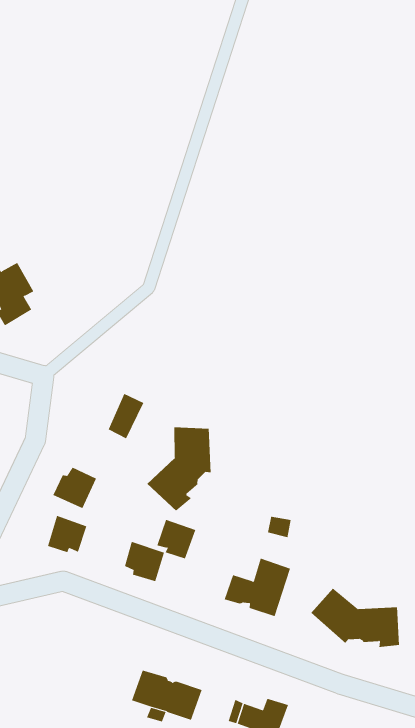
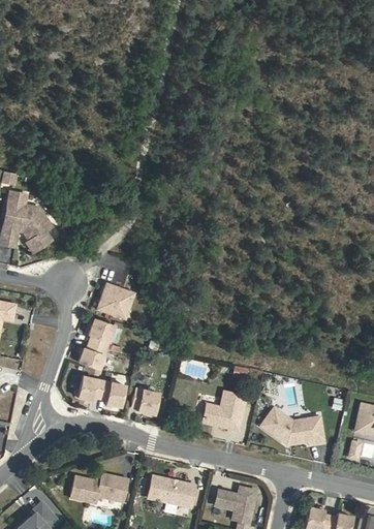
building: none -> [97,284,120,314]
building: [146,426,211,511] -> none
building: none -> [89,319,115,348]
building: [157,519,196,559] -> [100,381,126,407]
building: none -> [69,473,124,503]

